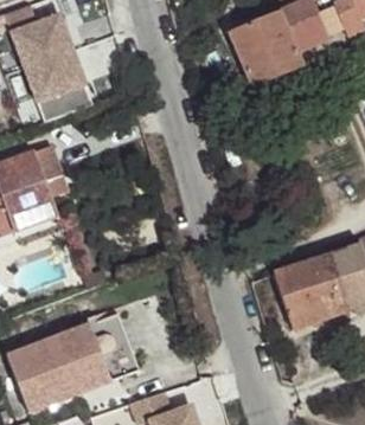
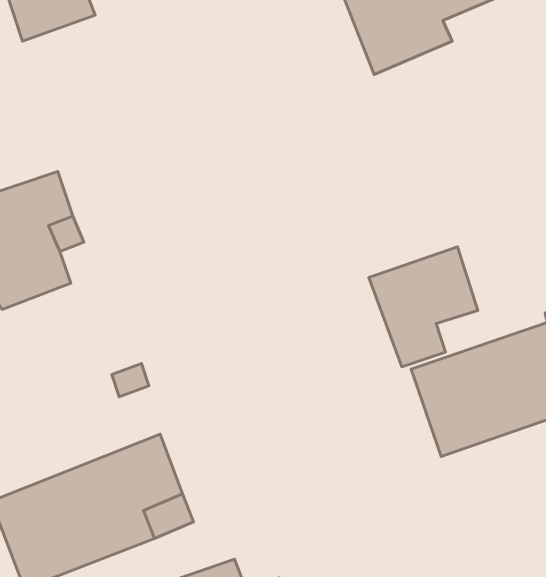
building: [27,46,94,120] -> none
building: none -> [369,247,478,367]

